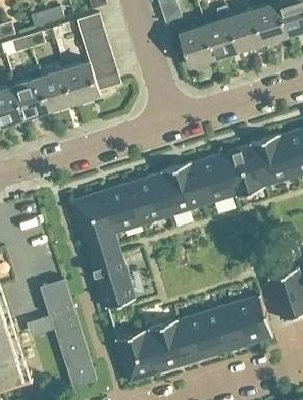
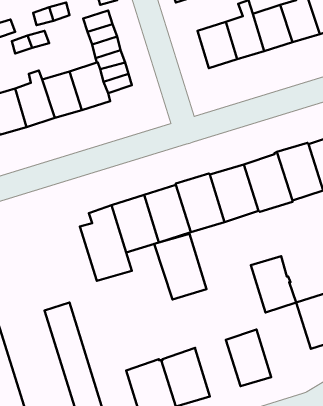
building: [89,250,136,309] -> [154,234,206,299]
building: [233,295,273,346] -> [251,256,296,313]
building: [178,312,218,363] -> none

